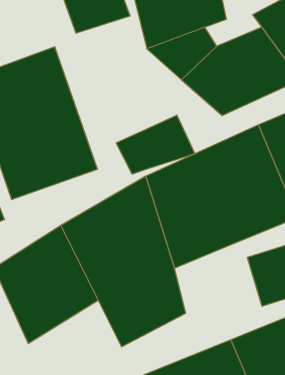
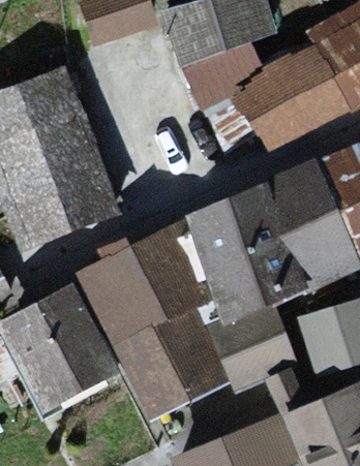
building: [116,115,195,174] -> none
building: none -> [212,305,300,392]

